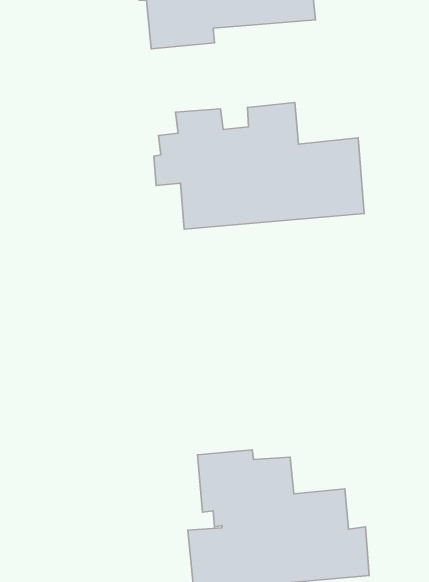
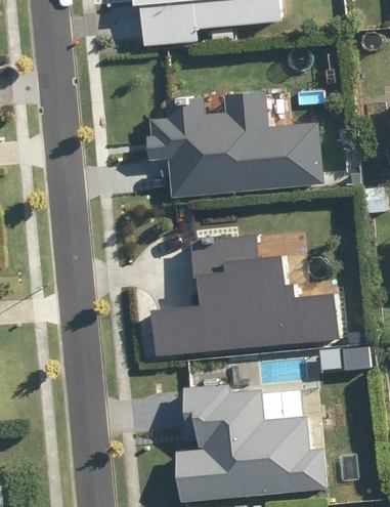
building: none -> [149,236,337,354]

